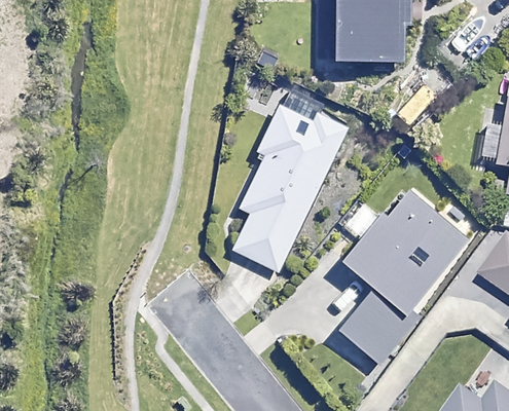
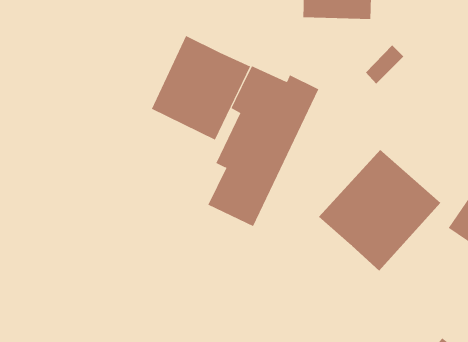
building: none -> [151,35,251,141]
building: [347,291,408,354] -> none

